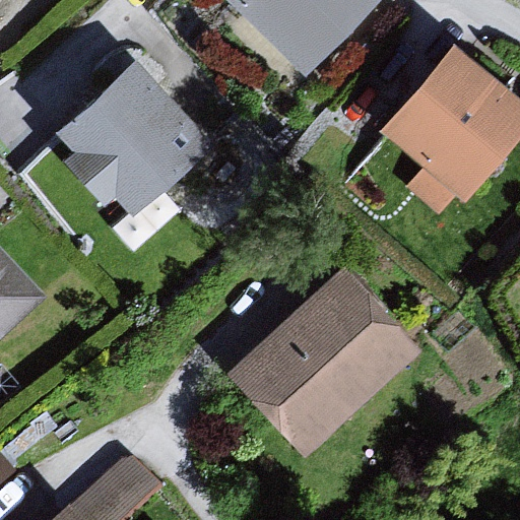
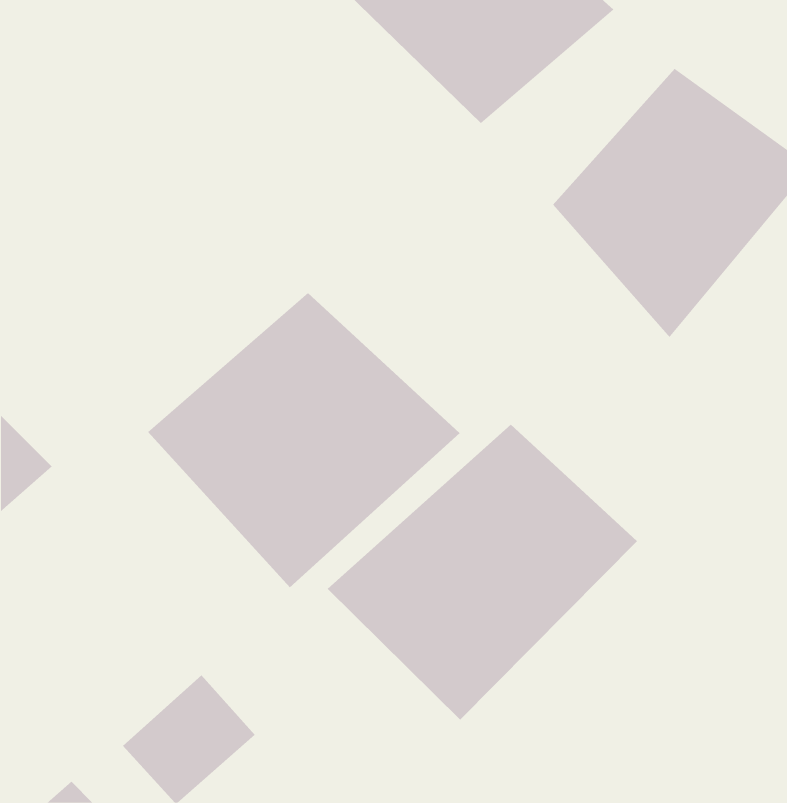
building: [47,59,228,212] -> none
building: none -> [147,292,460,588]

